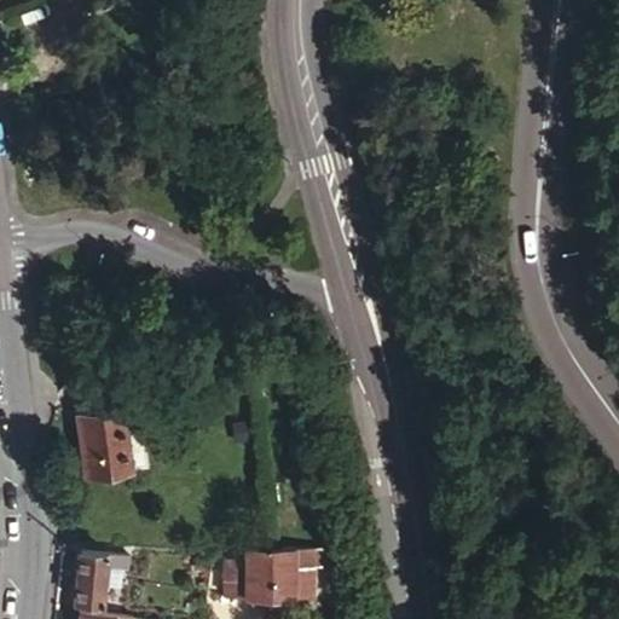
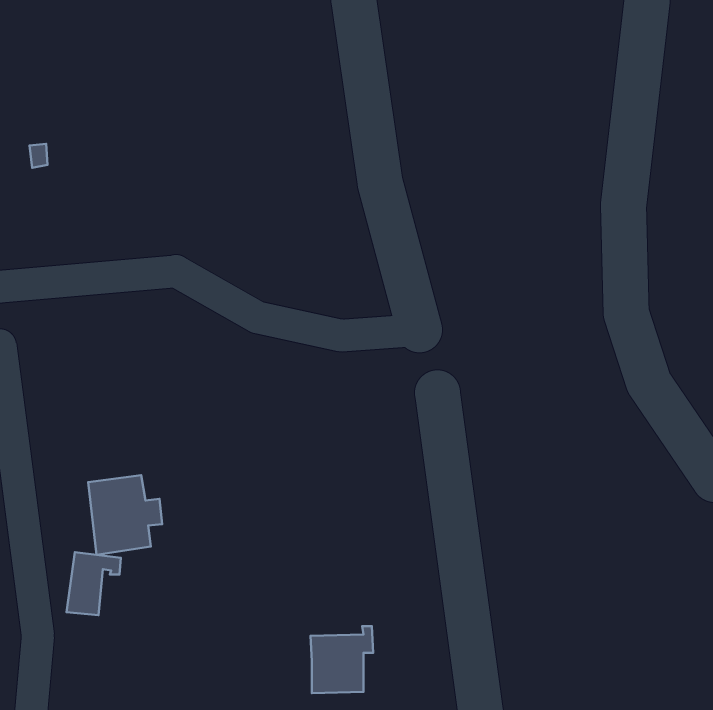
building: [226,553,271,604] -> none
building: [73,556,120,611] -> [66,552,121,615]

